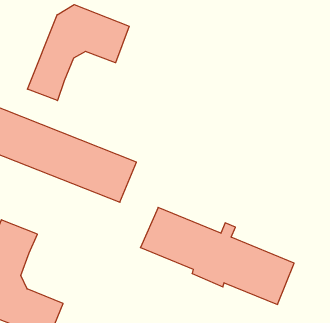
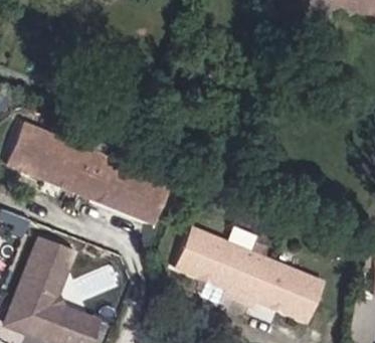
building: [27,5,129,101] -> none

